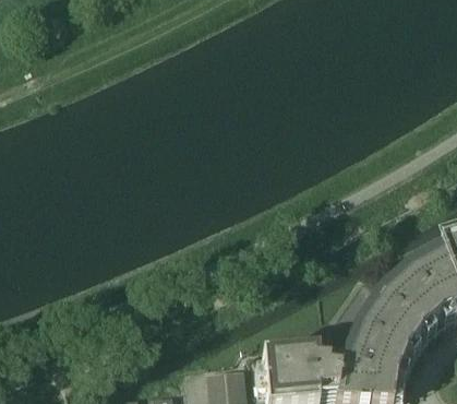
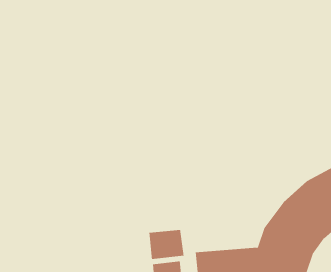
building: none -> [149,229,184,260]

